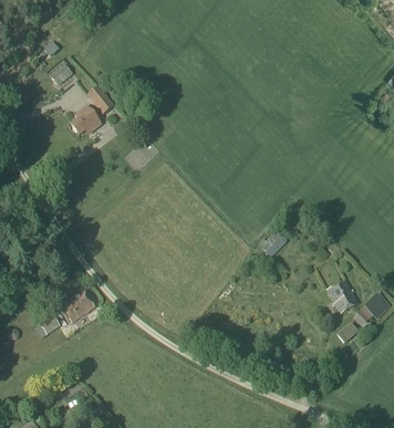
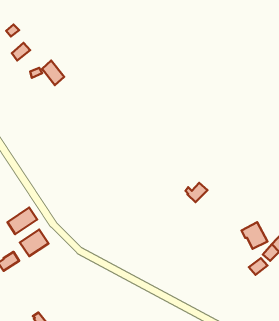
building: [71,105,102,134] -> none
building: none -> [7,208,37,234]

